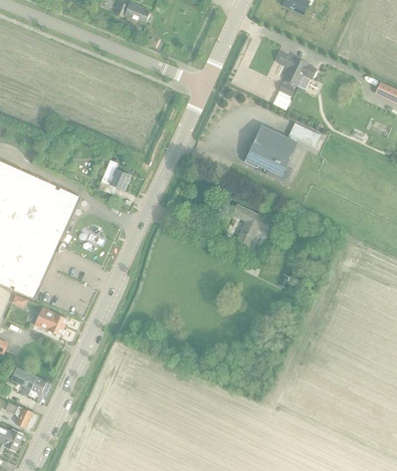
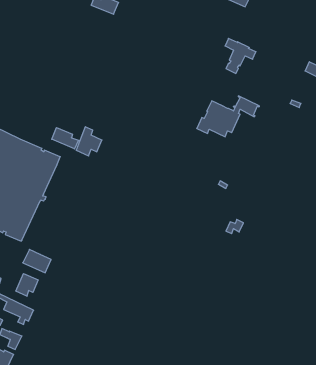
building: none -> [52,128,79,149]
building: [230,205,270,247] -> none
building: none -> [16,274,38,296]

